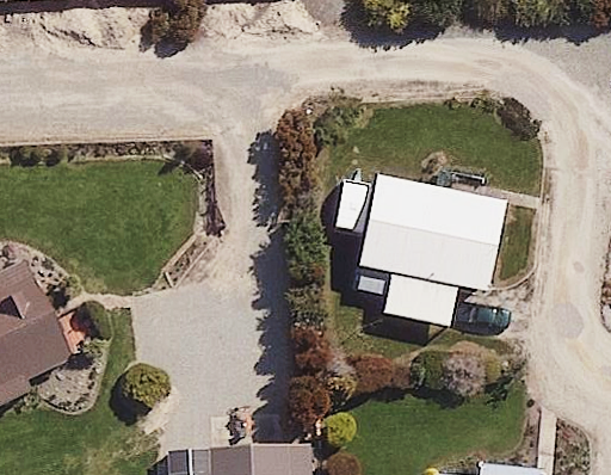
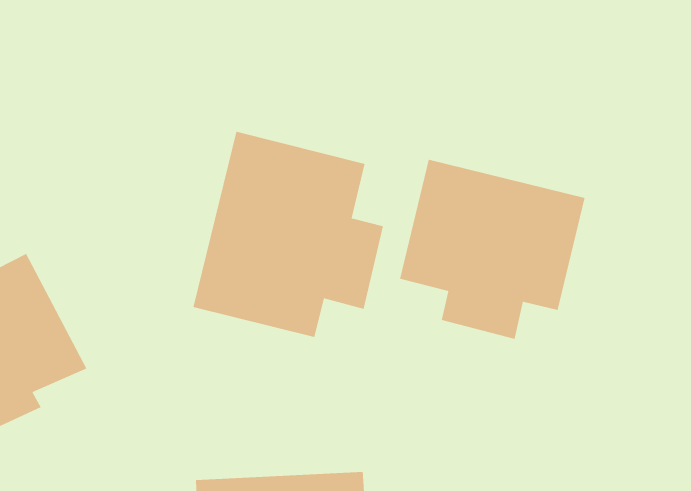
building: none -> [193,131,384,338]

